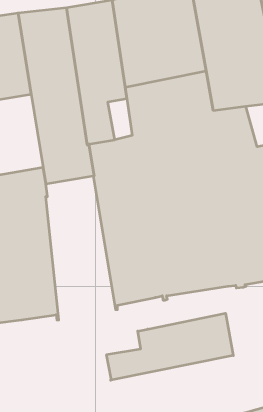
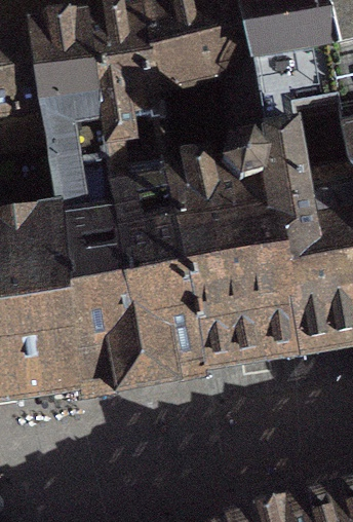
building: none -> [61,222,144,394]
building: [107,313,233,380] -> none

